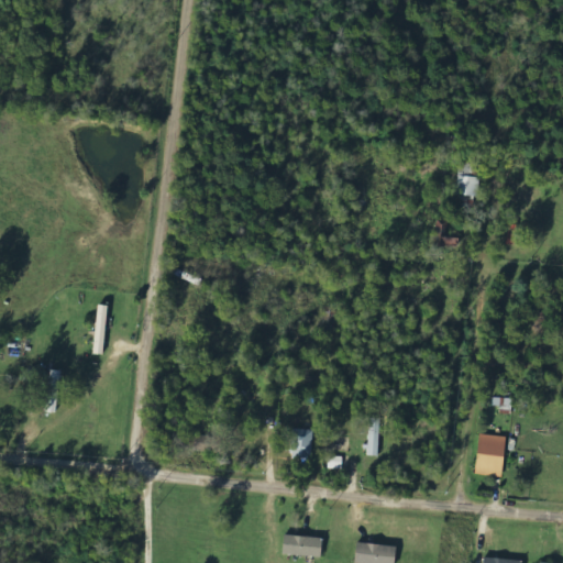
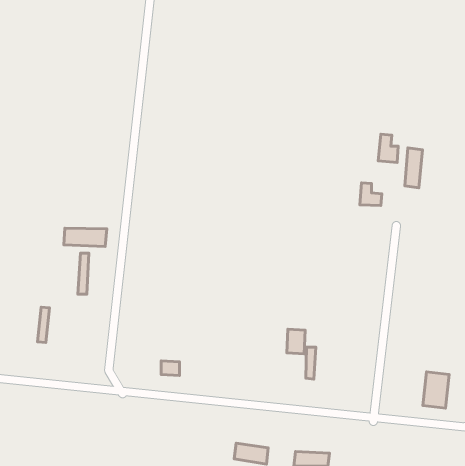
building: none -> [405,148,423,188]
building: none -> [64,228,107,247]
building: [290,428,312,457] -> [287,329,305,354]
building: [474,433,506,477] -> [423,372,449,408]

